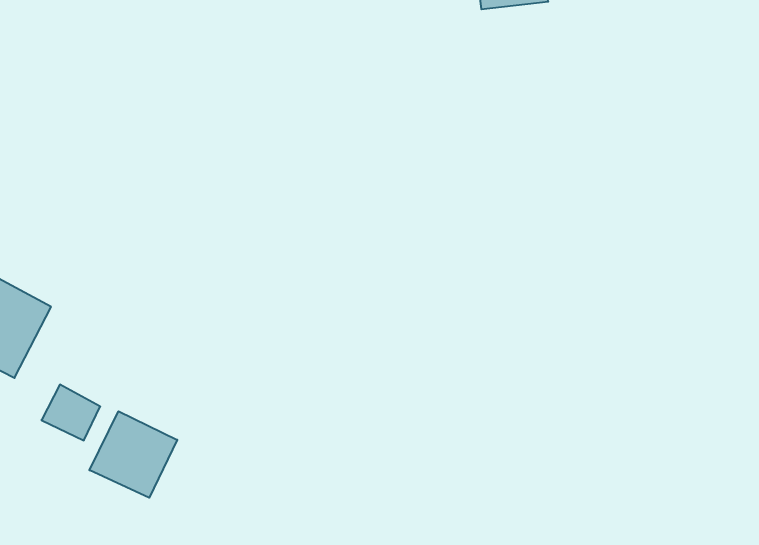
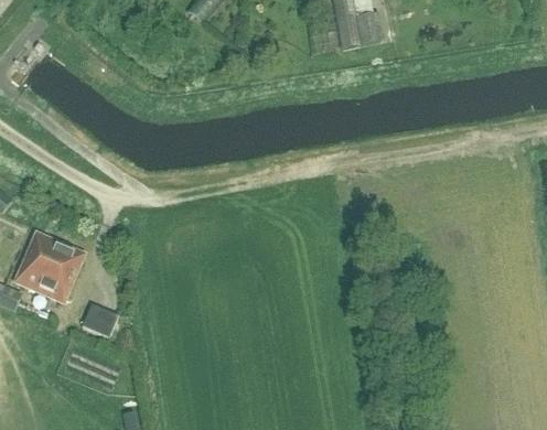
building: [89,411,177,498] -> none

